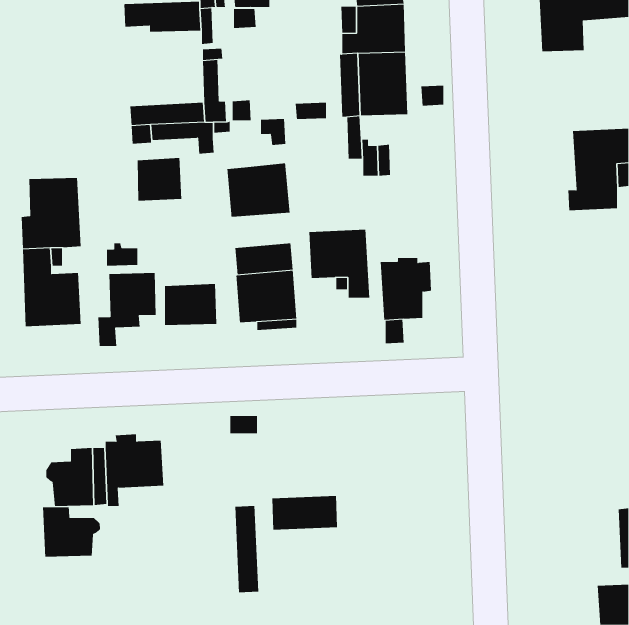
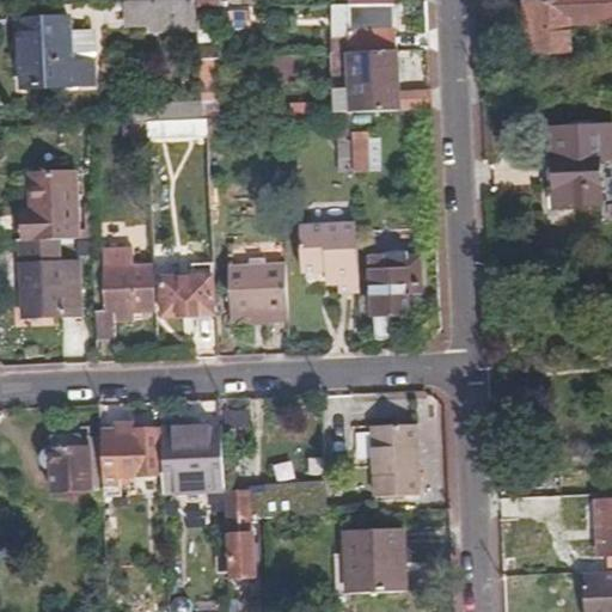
building: none -> [17,19,93,90]
building: [137,157,182,201] -> none
building: [227,163,290,218] -> none
building: none -> [371,423,416,494]
building: none -> [160,424,224,490]
building: [42,506,101,558] -> none
building: none -> [343,526,404,592]

